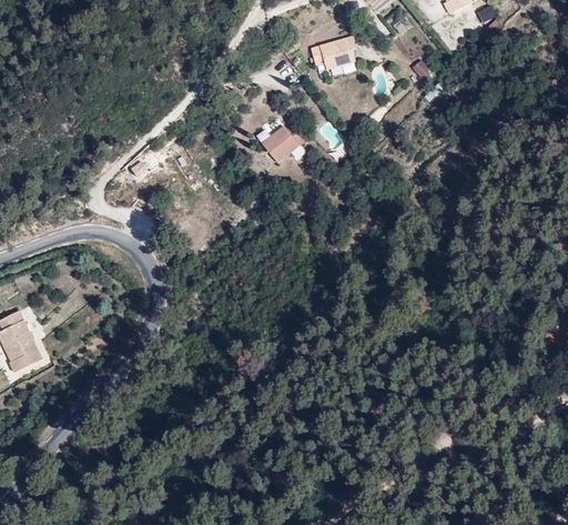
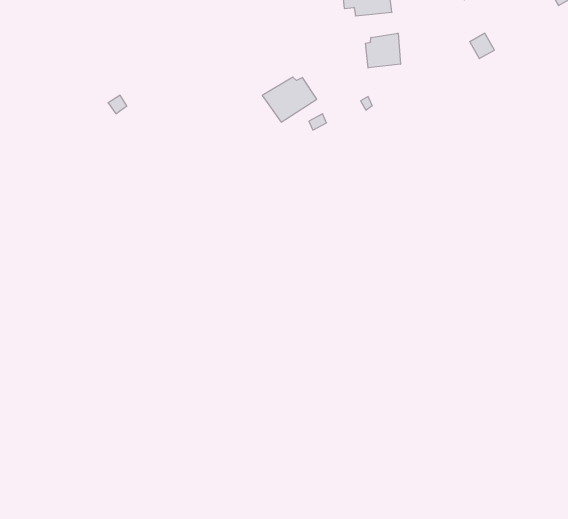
building: none -> [365,33,400,68]

